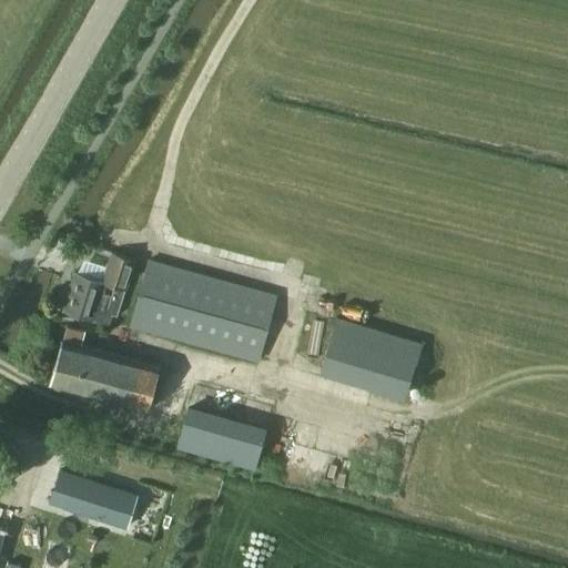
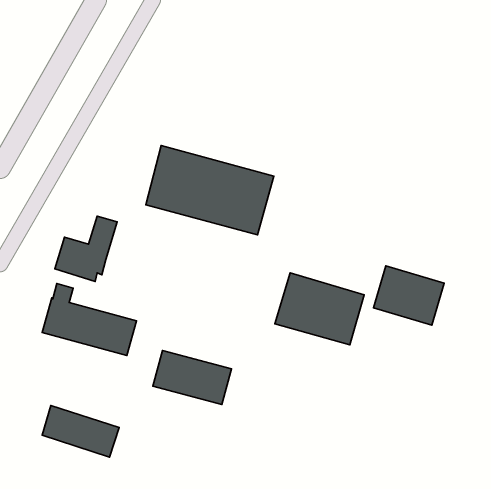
building: [130,261,277,364] -> [146,145,274,235]
building: none -> [374,266,444,325]

